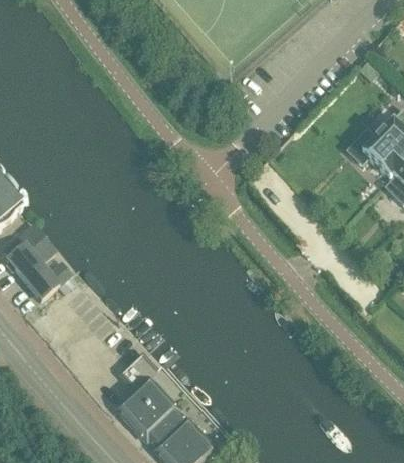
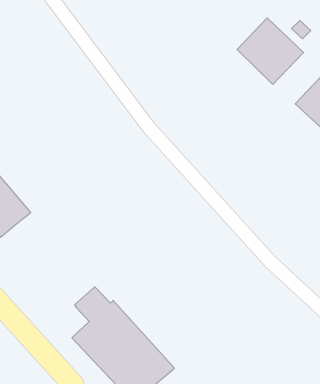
building: none -> [237,18,304,84]

